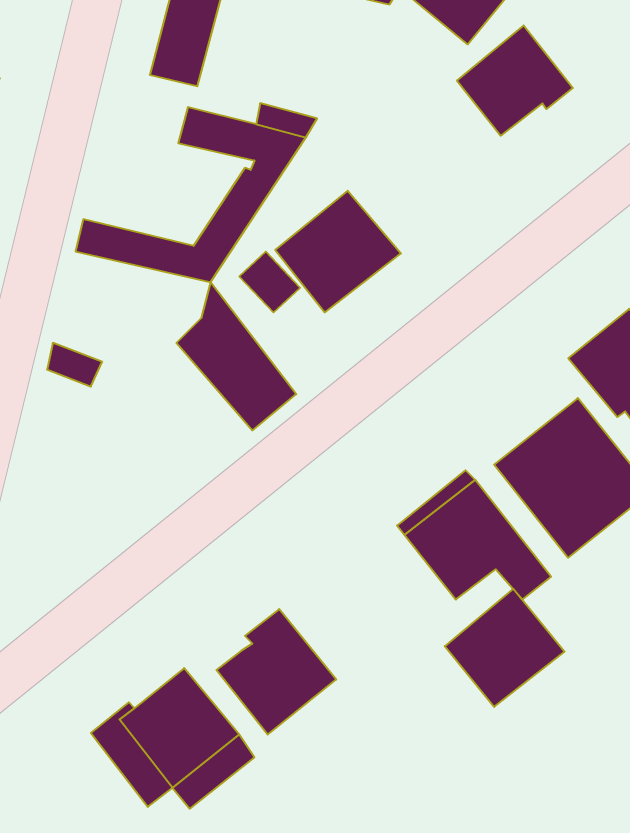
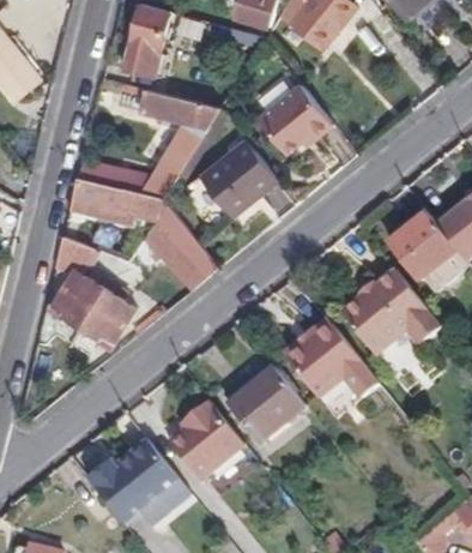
building: [457,25,573,136] -> [261,84,334,154]
building: none -> [68,178,162,221]
building: none -> [54,270,137,341]
building: [445,589,565,707] -> [226,367,302,441]

